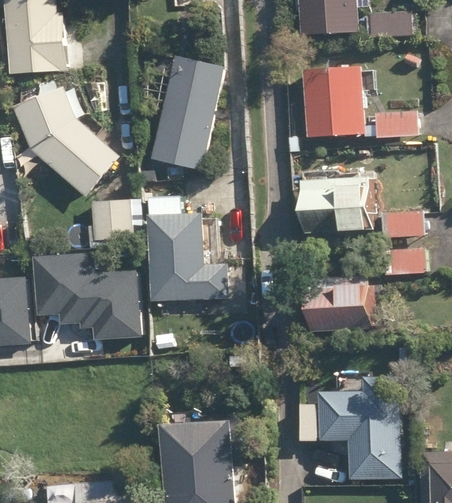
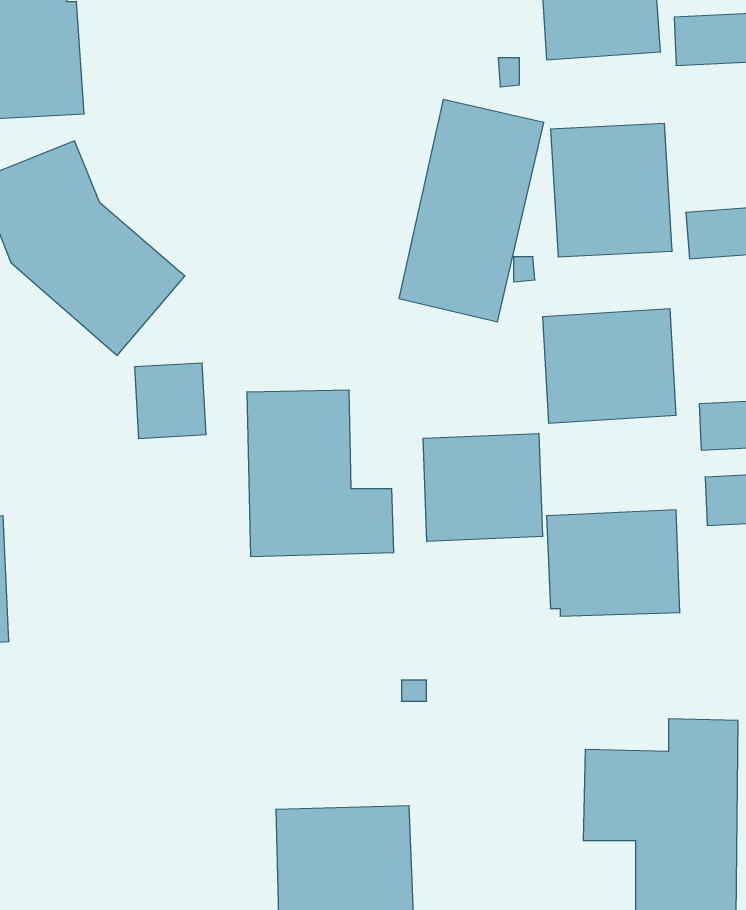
building: [149,53,224,168] -> [399,99,544,322]
building: none -> [423,433,543,542]
building: [32,250,136,336] -> none

